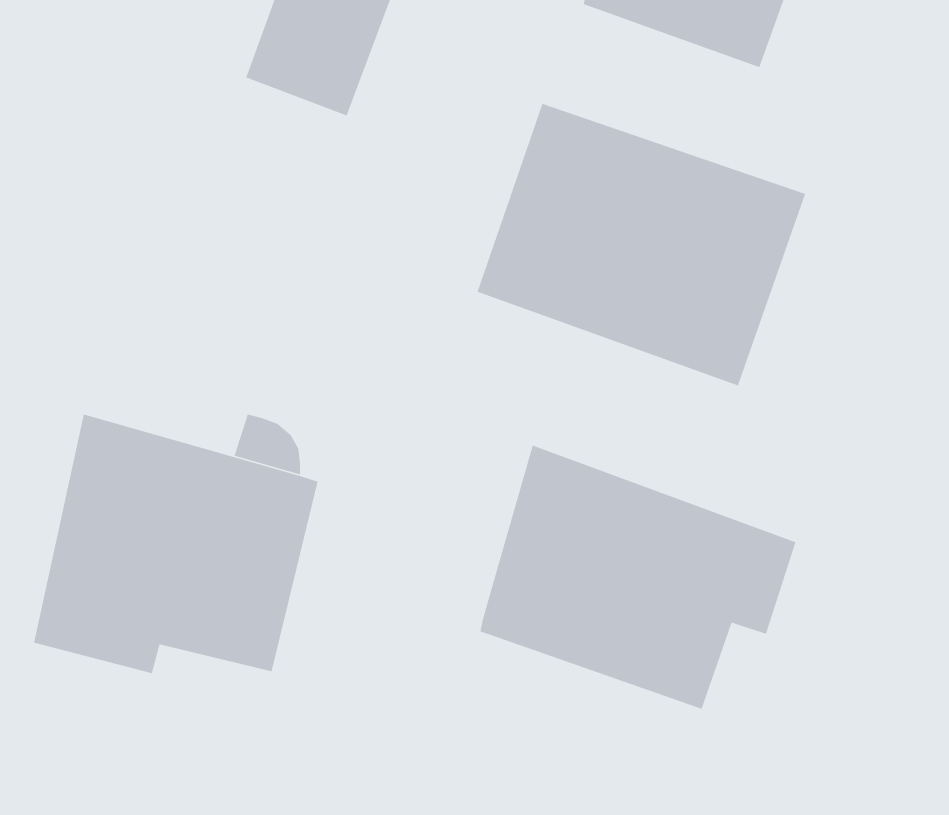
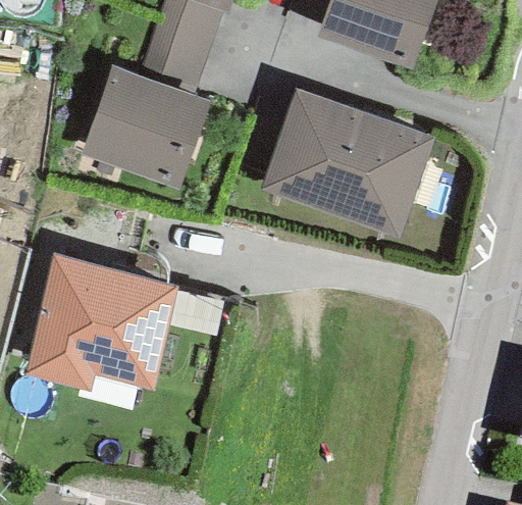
building: none -> [82,64,210,190]
building: [480,445,797,710] -> none

